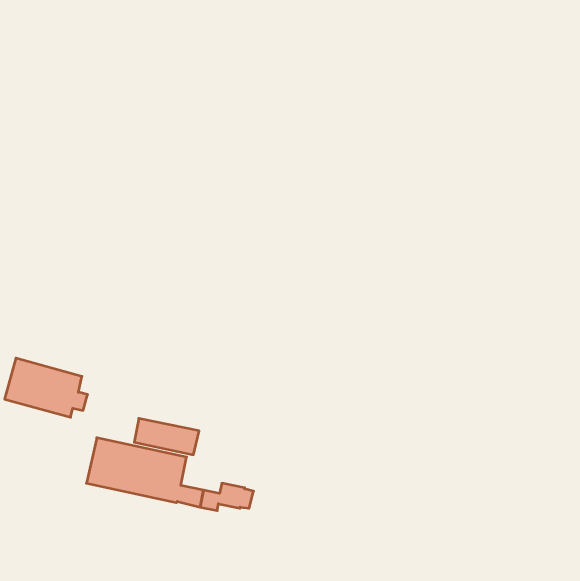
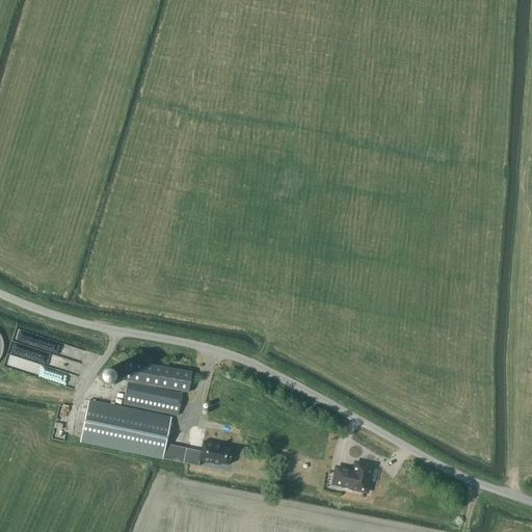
building: none -> [124,361,192,393]
building: none -> [334,462,372,491]

